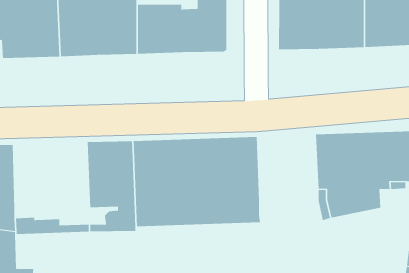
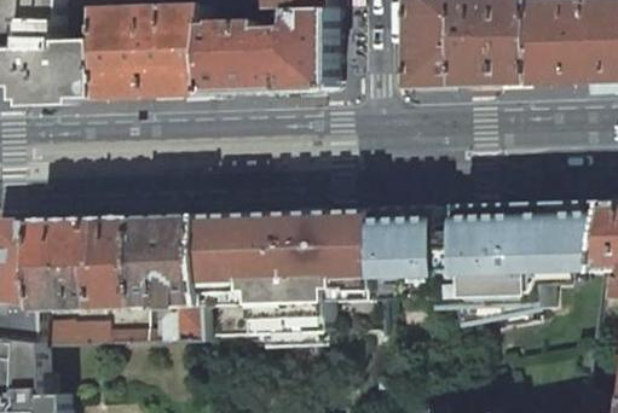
building: none -> [370,205,435,297]
building: none -> [29,215,135,309]

